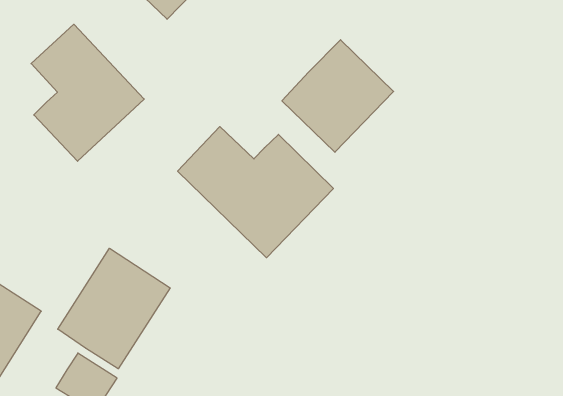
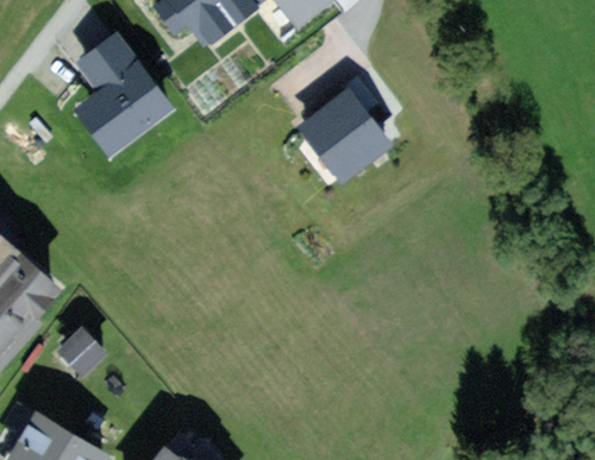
building: [178,127,333,258] -> none
building: [58,248,170,369] -> none

